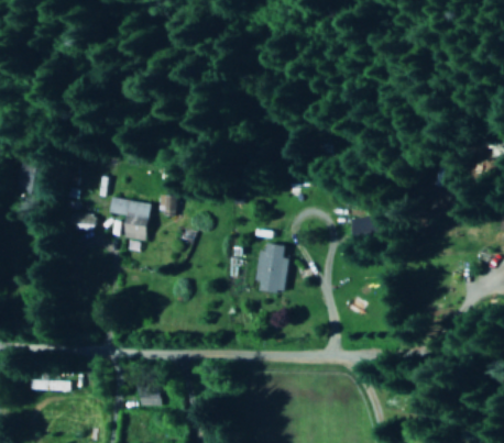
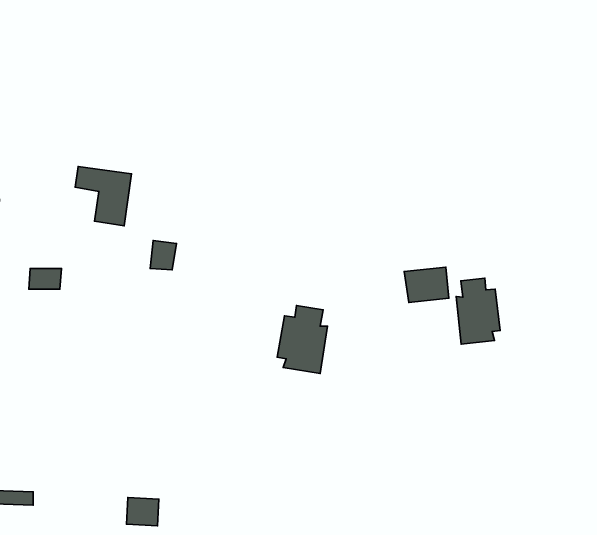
building: [109,197,151,241] -> [75,167,131,226]
building: none -> [456,278,500,344]

